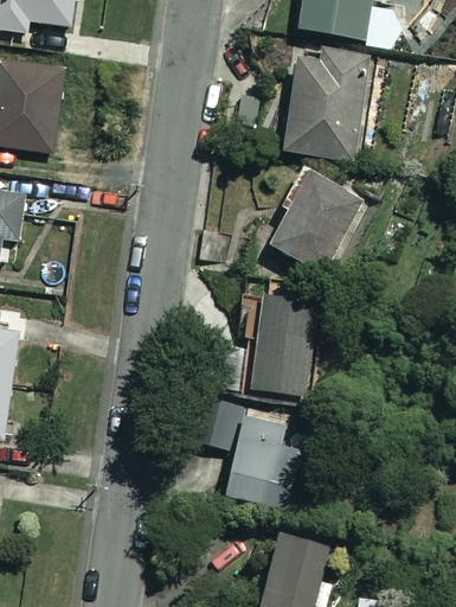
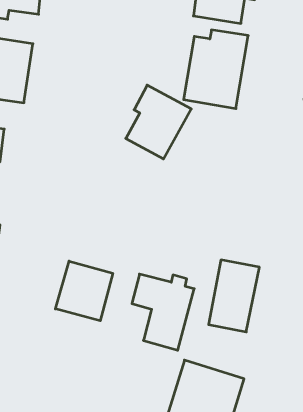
building: [269,166,364,273] -> [126,85,191,159]
building: [249,293,322,397] -> [209,260,259,332]
building: none -> [55,261,113,321]

